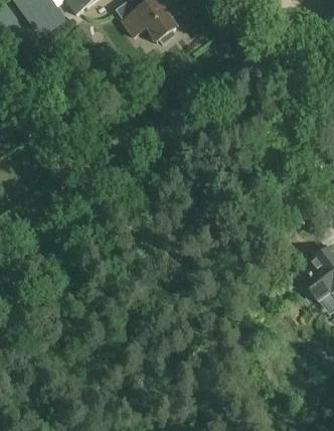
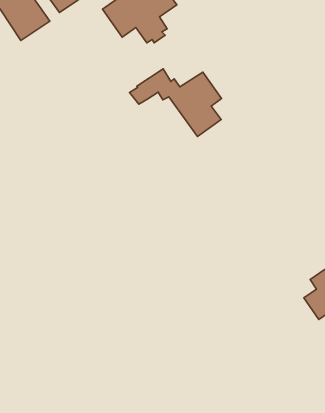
building: none -> [129,69,222,137]

